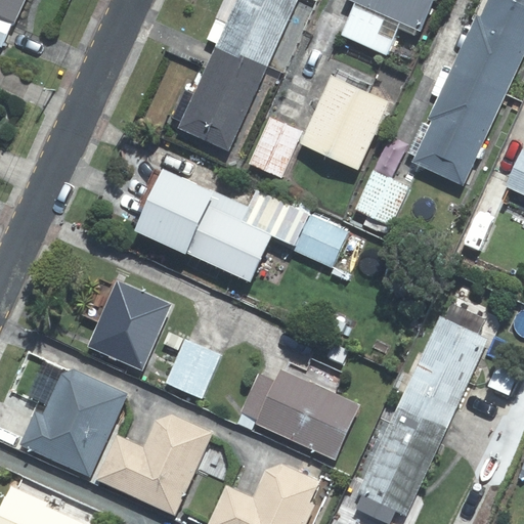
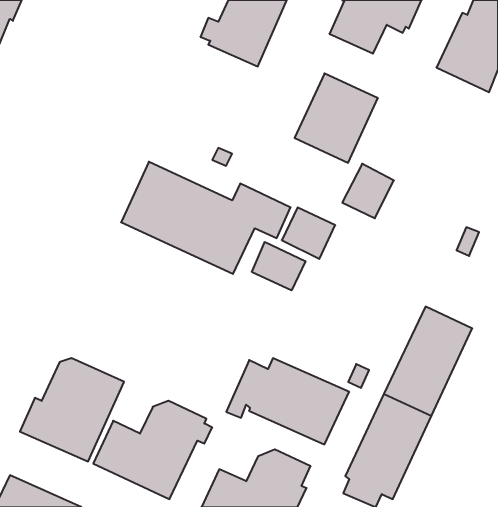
building: [171,46,266,150] -> none
building: [404,70,505,184] -> none
building: [248,117,300,177] -> none
building: none -> [252,242,305,290]
building: [87,278,172,369] -> none
building: [163,339,218,398] -> none

